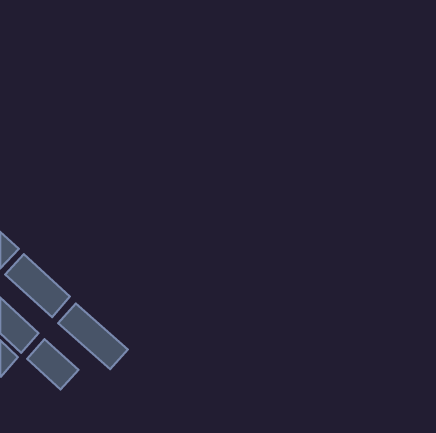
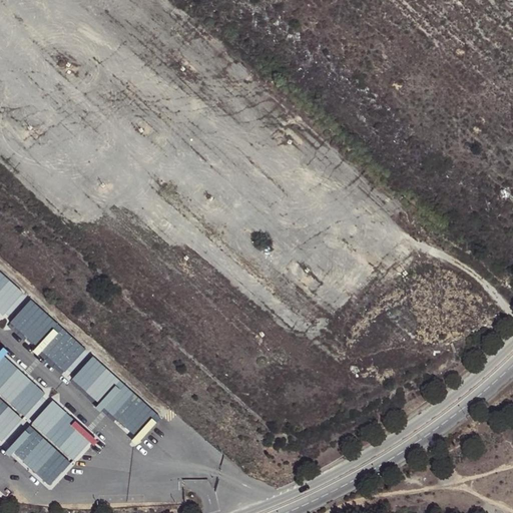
building: none -> [9,426,70,485]

